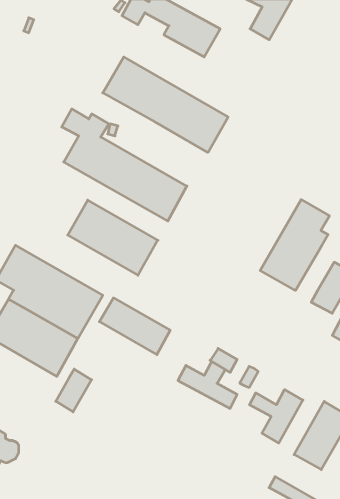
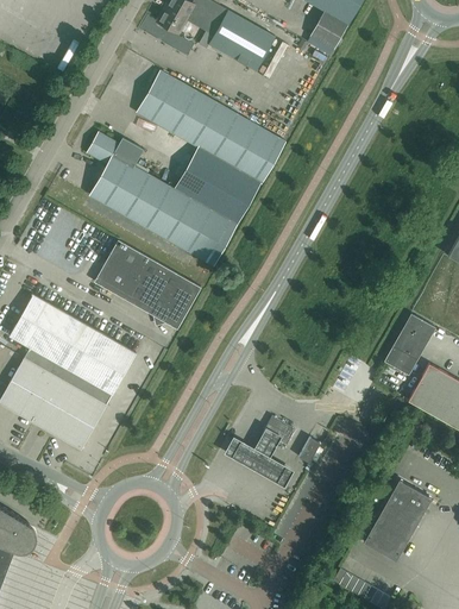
building: none -> [174,147,259,224]
building: [260,200,329,290] -> none
building: [99,298,170,355] -> none
building: [56,369,92,412] -> none
building: [250,390,303,443] -> none

